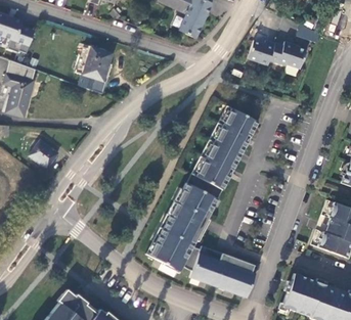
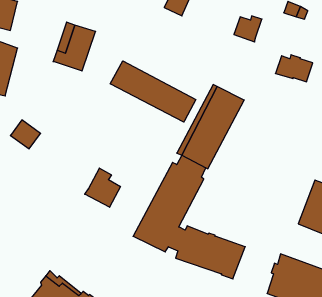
building: [270,40,307,66] -> [275,55,313,82]
building: none -> [110,61,196,122]
building: none -> [85,168,120,207]

